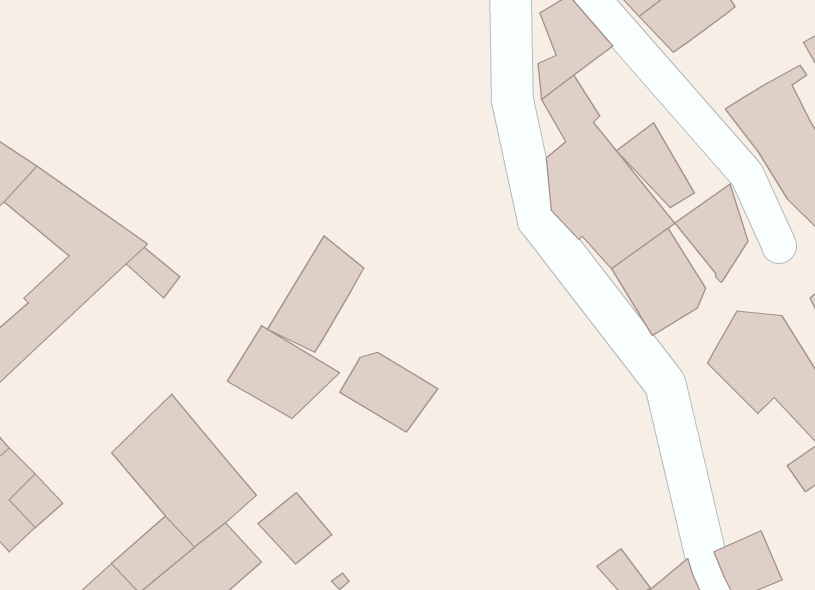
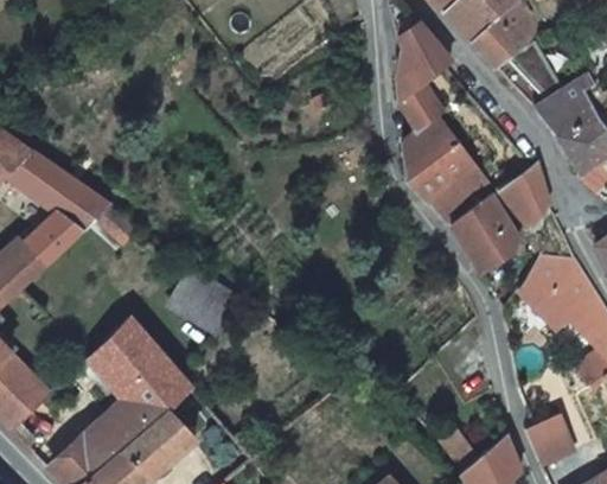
building: [616,123,695,208] -> [506,37,563,98]
building: [268,236,364,352] -> none
building: [340,352,438,432] -> none
building: [258,493,332,564] -> none

